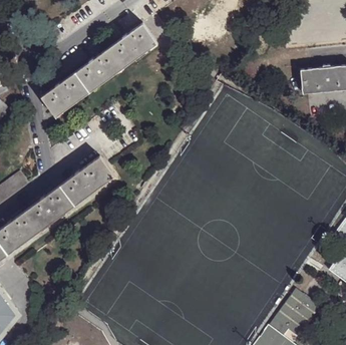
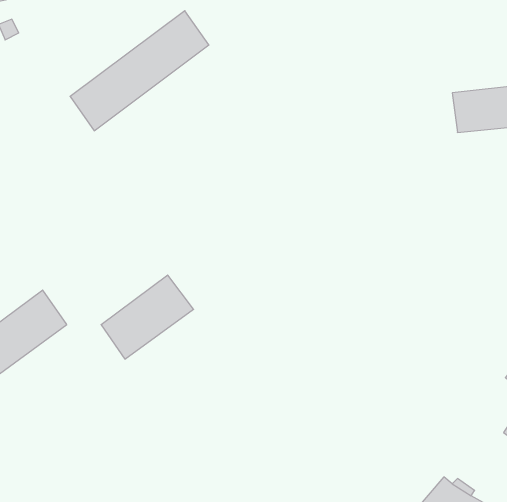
building: [41,72,89,116] -> none
building: [59,156,113,206] -> [101,275,194,359]

